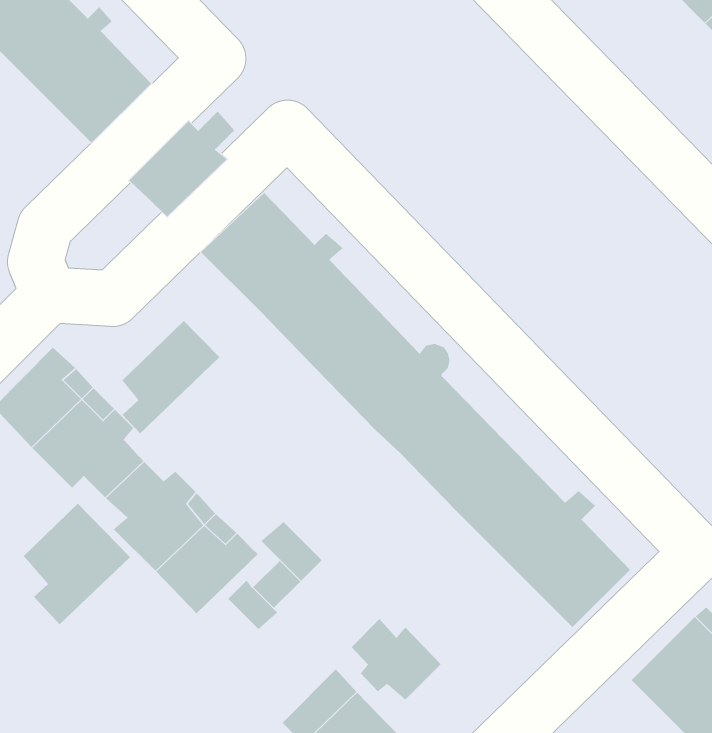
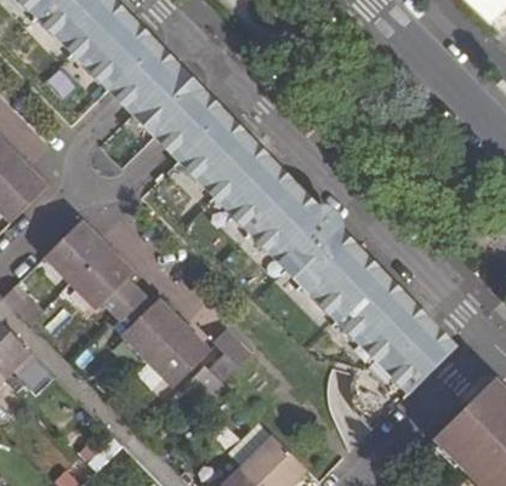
building: [122,320,220,434] -> none
building: [23,503,131,625] -> none
building: [351,618,442,701] -> none

